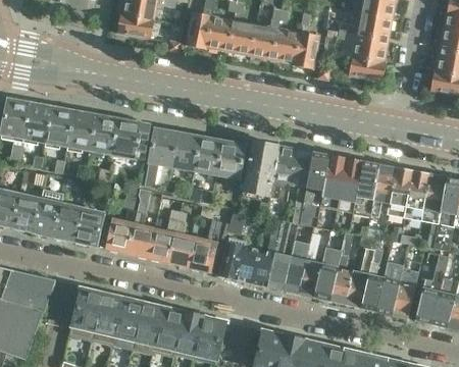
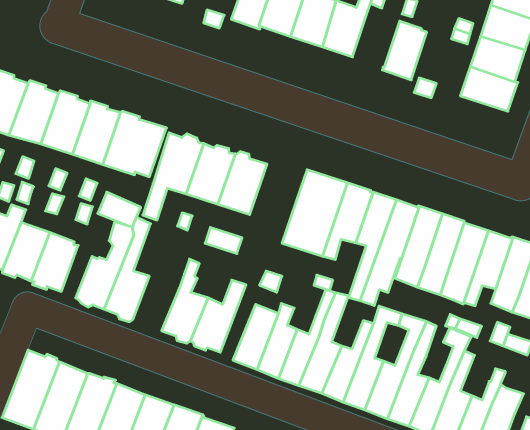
building: [272,27,301,63] -> none
building: [217,138,246,178] -> none
building: [148,210,181,262] -> none

